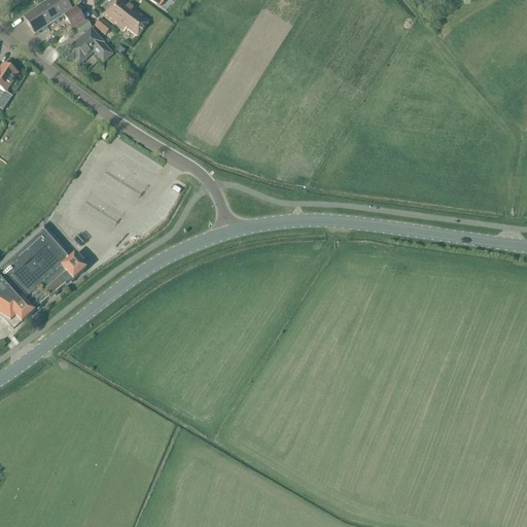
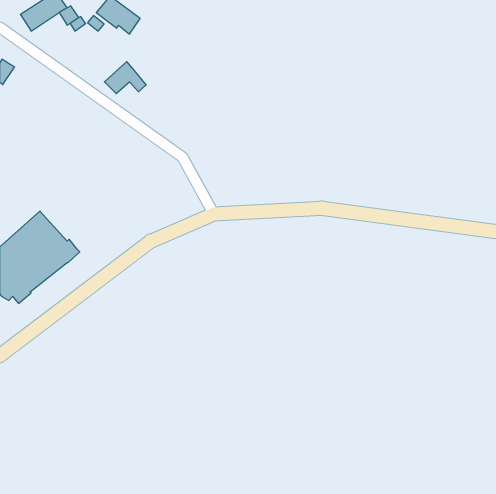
building: [66,28,110,62] -> [104,62,146,94]

